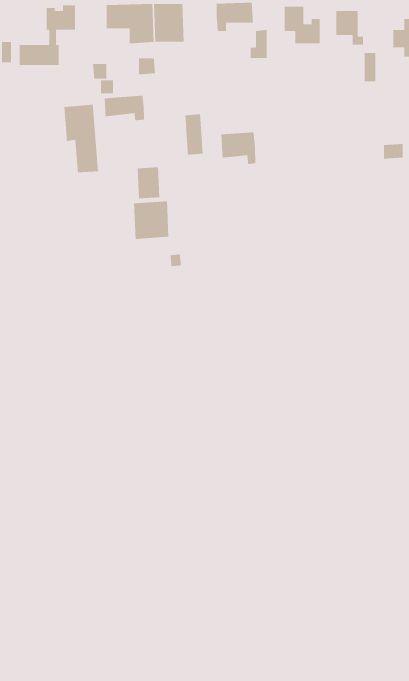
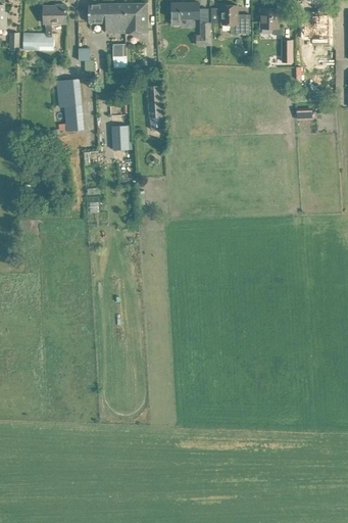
building: [104,95,145,121] -> none
building: [221,132,256,165] -> none
building: [133,200,169,240] -> none

